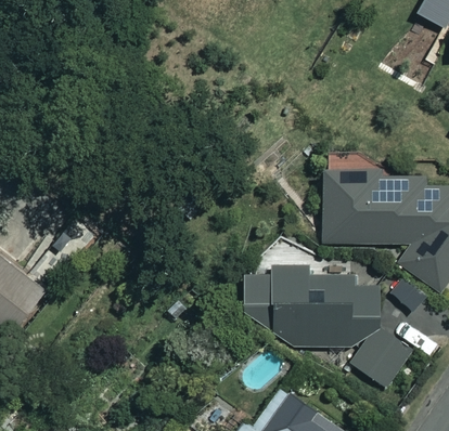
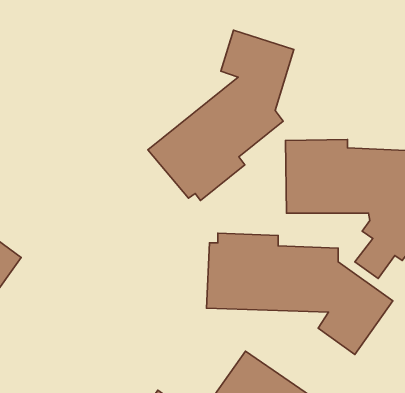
building: none -> [148,30,294,201]

